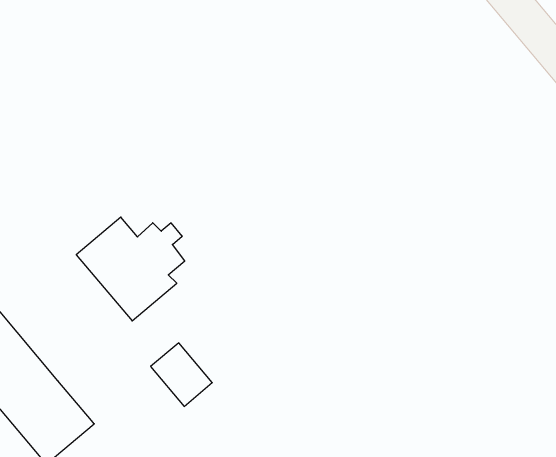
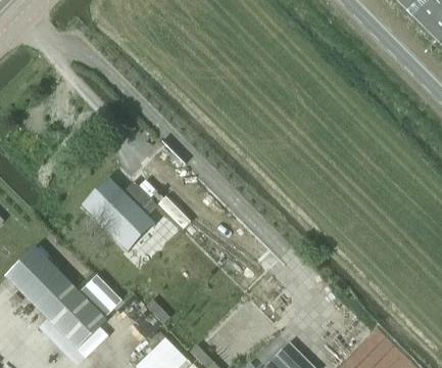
building: [151,343,212,406] -> [80,275,121,317]

